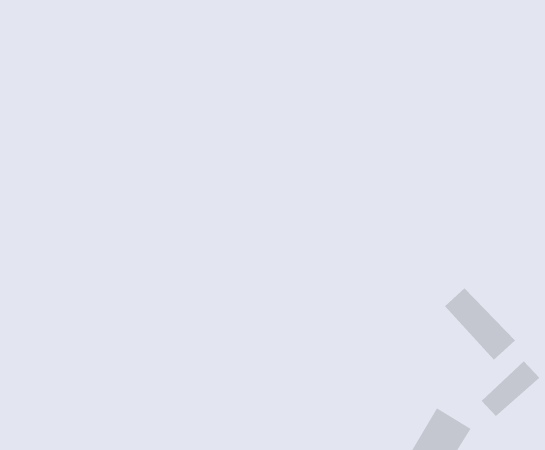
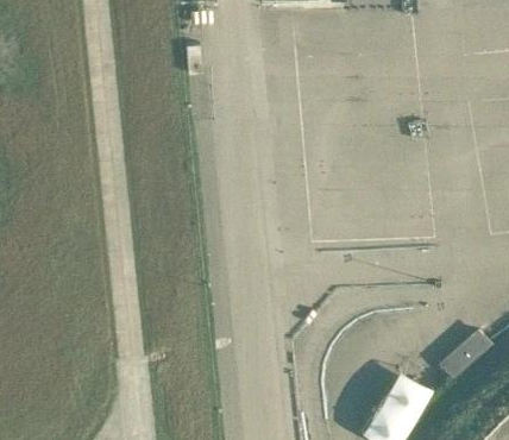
building: [444,287,516,361] -> none

